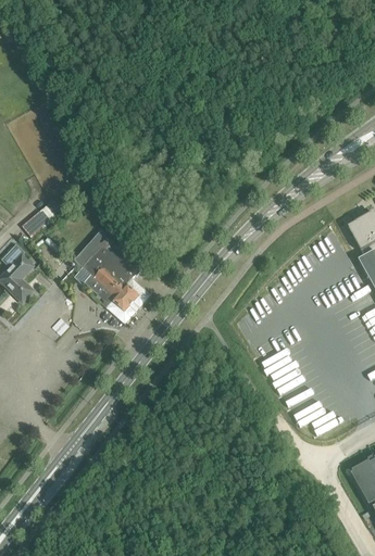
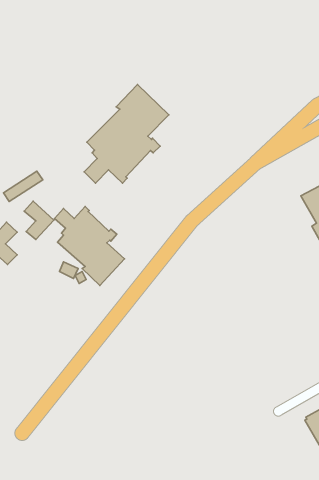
building: none -> [84,84,169,183]
building: none -> [24,201,54,240]

